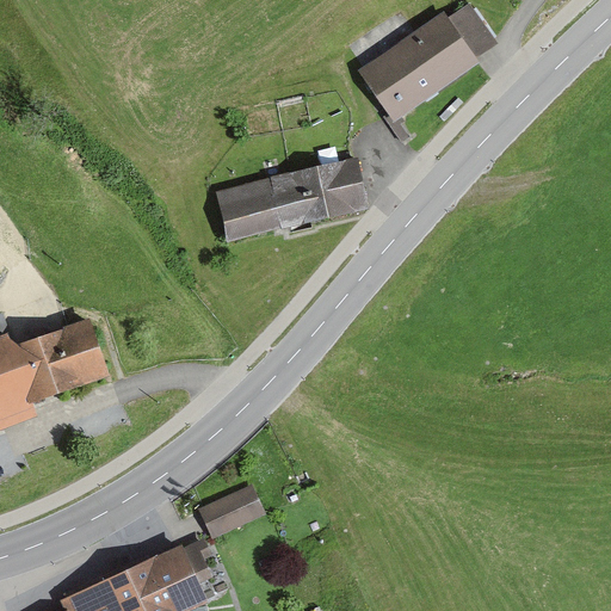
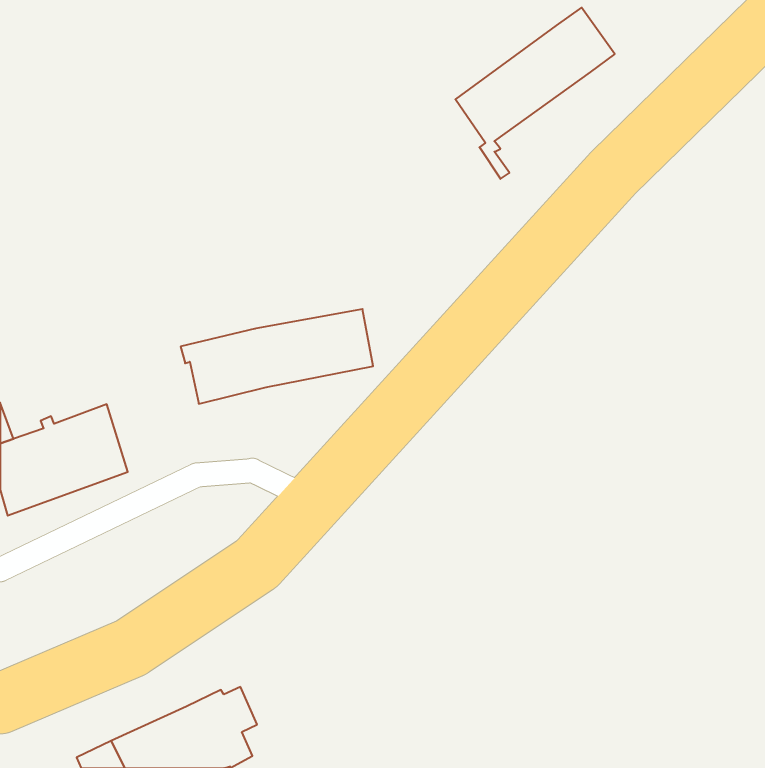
building: [211,161,364,236] -> [181,309,373,404]
building: [203,489,259,533] -> none

